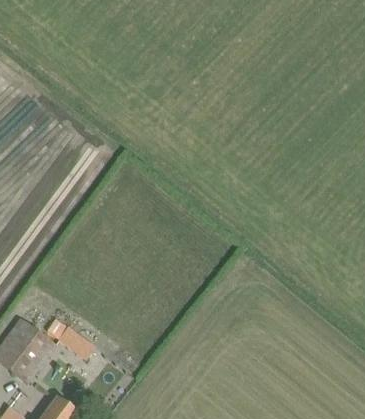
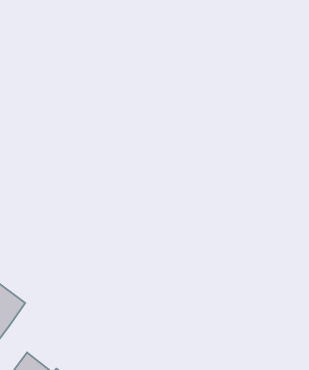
building: [56,326,94,360] -> none

